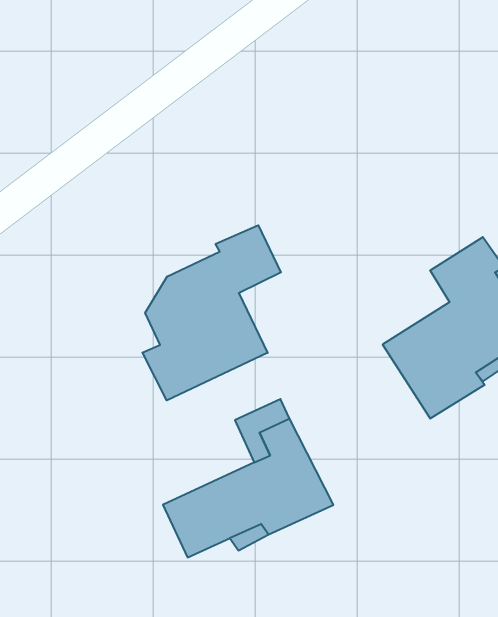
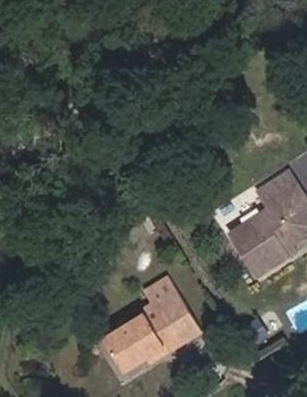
building: [142,225,281,400] -> none

